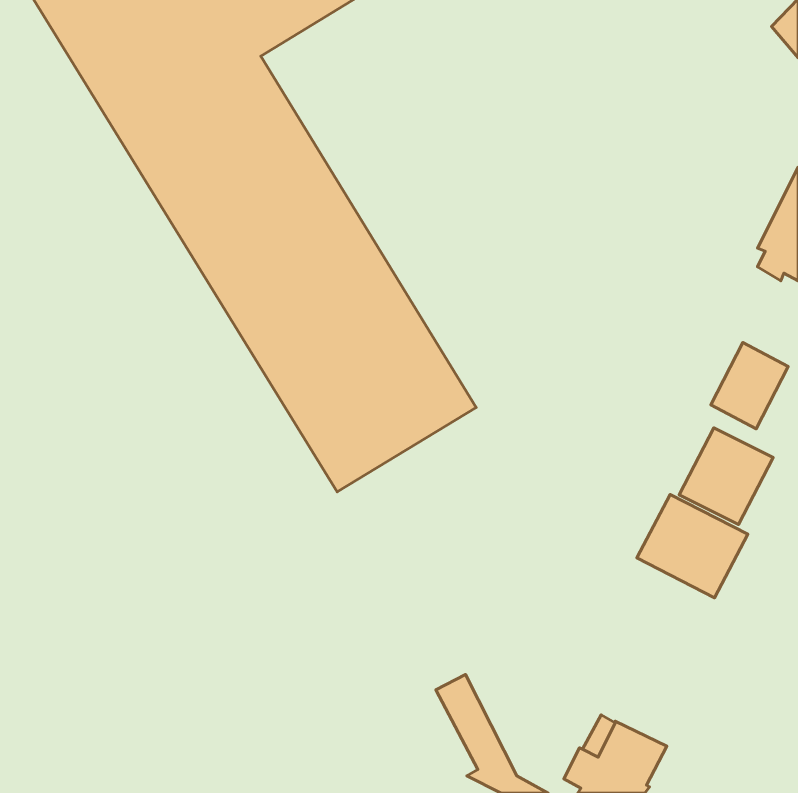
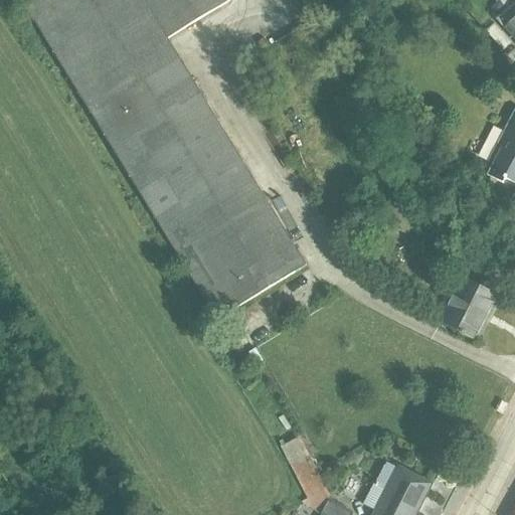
building: [711,342,788,429] -> none
building: [637,494,748,598] -> none

